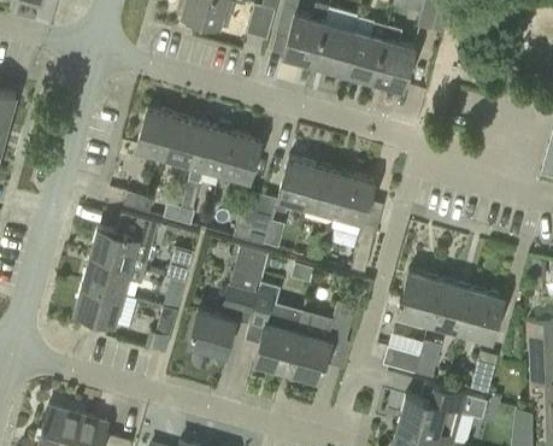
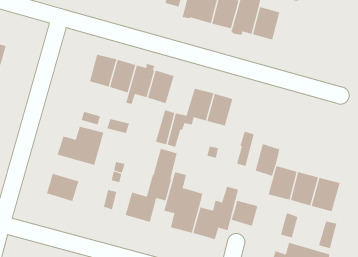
building: [335,175,372,223] -> [255,144,280,177]
building: [82,257,145,295] -> none
building: [383,335,423,374] -> [231,200,258,227]

